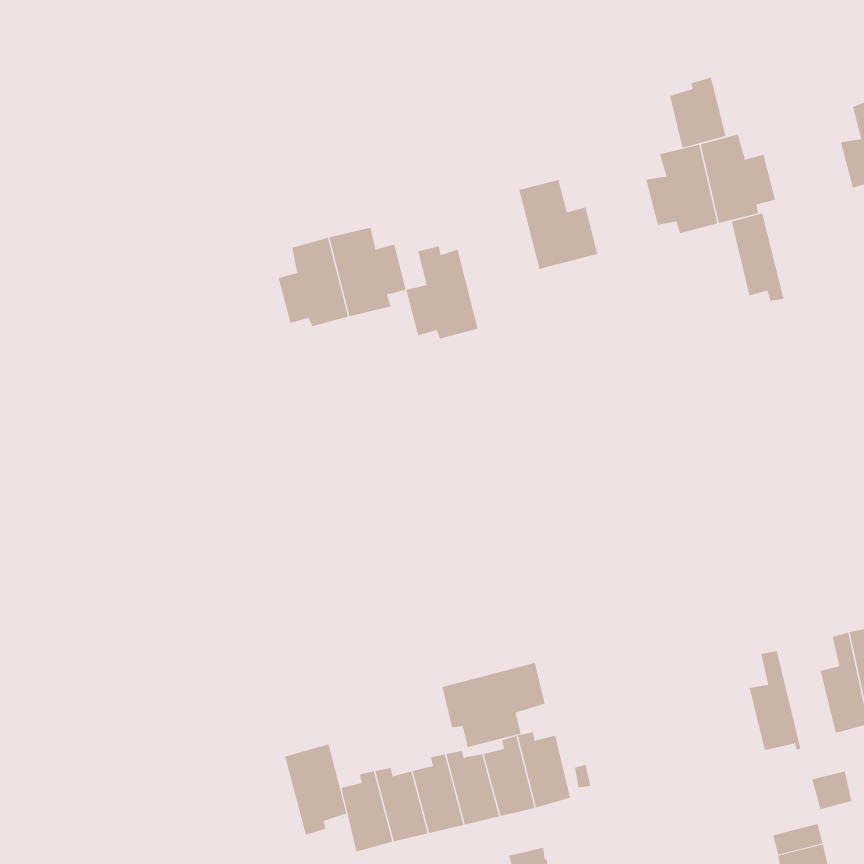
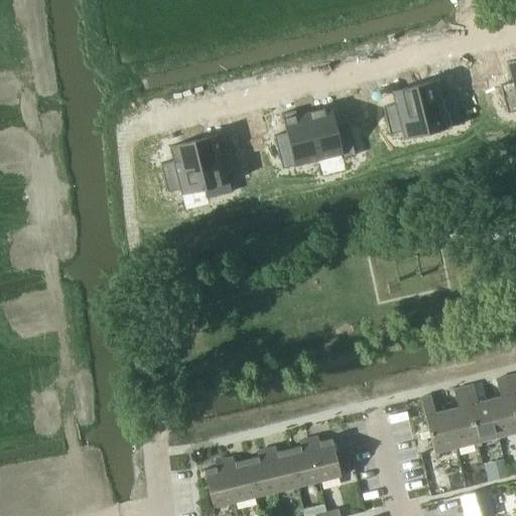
building: [669,77,726,148] -> none
building: [731,212,784,301] -> none
building: [406,246,478,339] -> [278,112,321,167]
building: none -> [464,385,498,446]
building: [442,662,545,748] -> none
building: none -> [421,396,456,458]
building: [285,744,347,836] -> none

